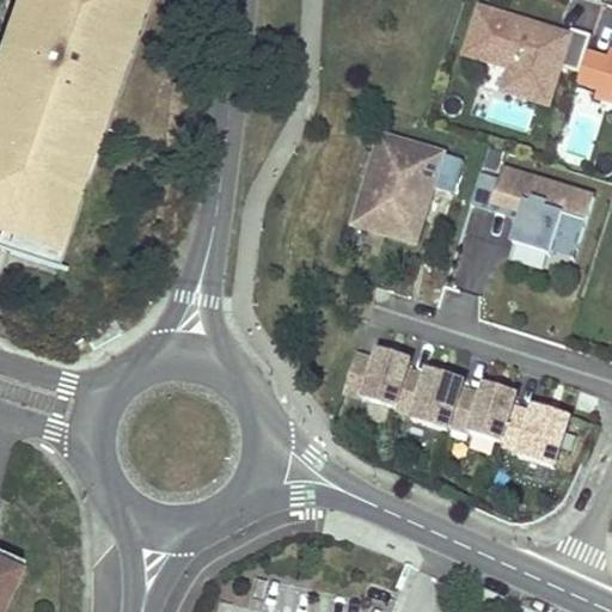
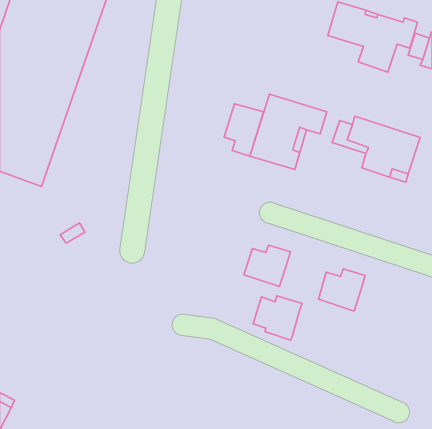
building: none -> [224,104,263,156]
building: [394,365,464,427] -> [253,296,302,340]
building: [500,400,568,463] -> none

